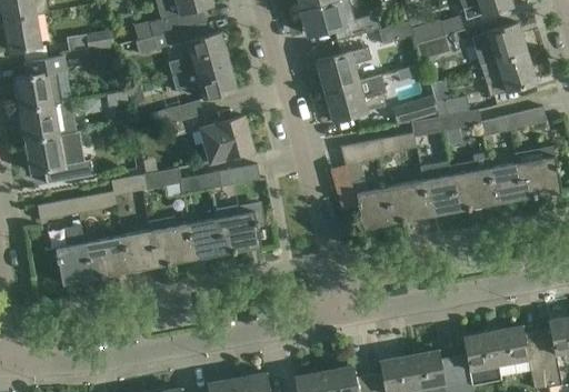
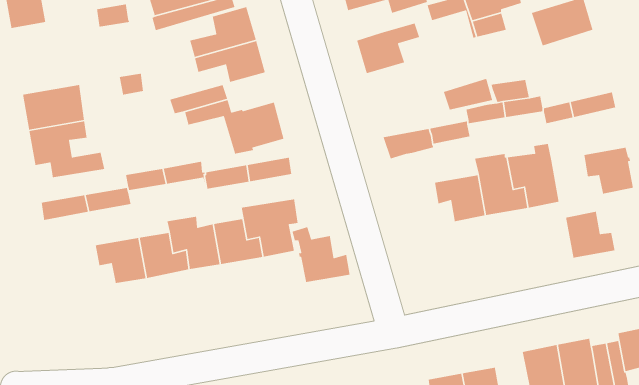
building: [480,52,536,97] -> none
building: [13,54,71,109] -> none
building: [325,74,386,120] -> none
building: [489,162,533,204] -> [565,211,615,259]
building: [350,179,402,229] -> [292,226,351,283]
building: [56,224,102,284] -> none

